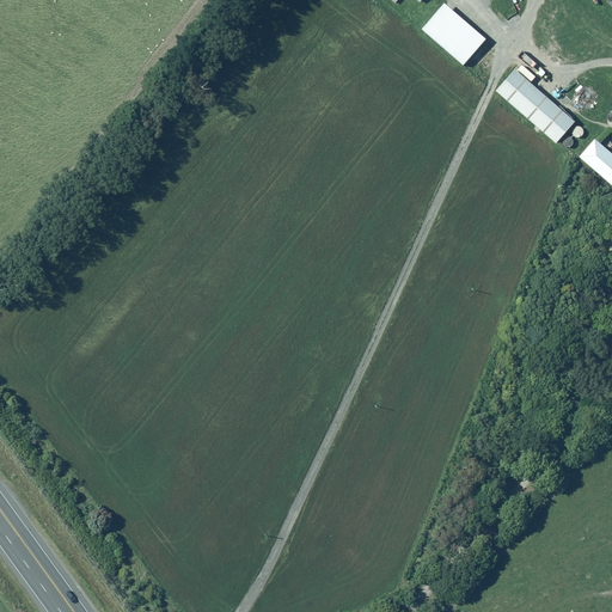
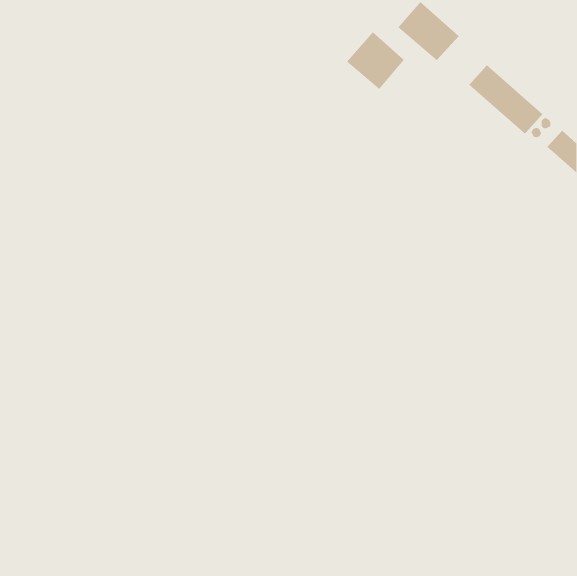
building: none -> [346,32,405,90]

